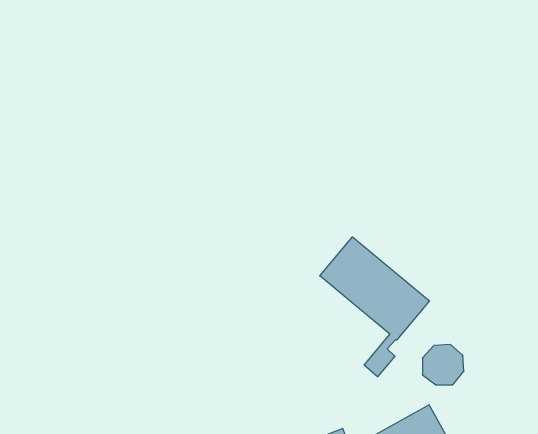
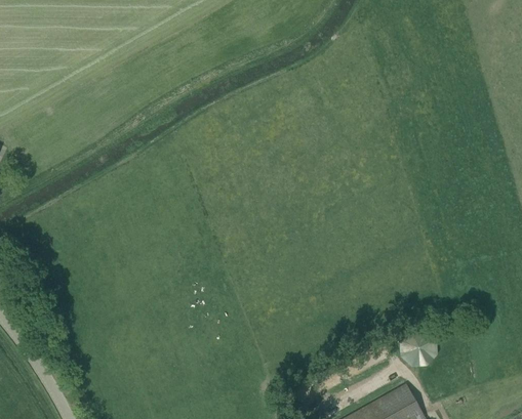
building: [320,237,429,377] -> none

